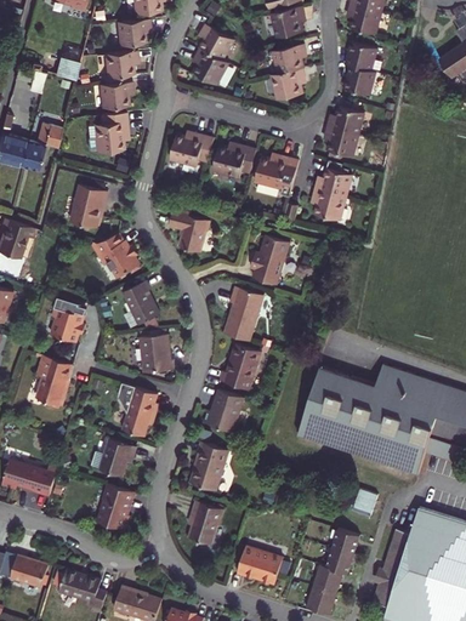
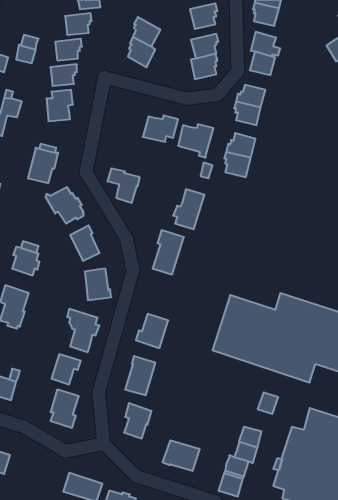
building: [169,133,212,166] -> none
building: [220,343,260,389] -> none
building: [58,569,106,608] -> none

